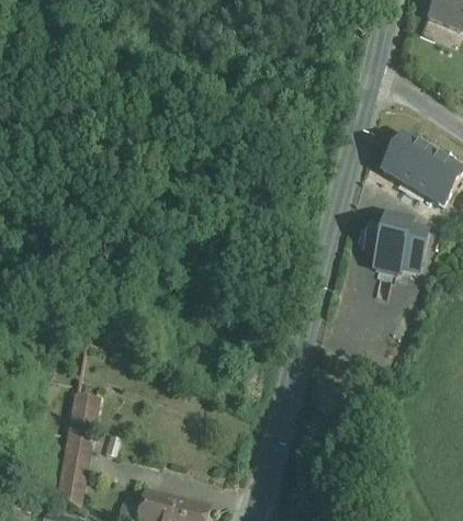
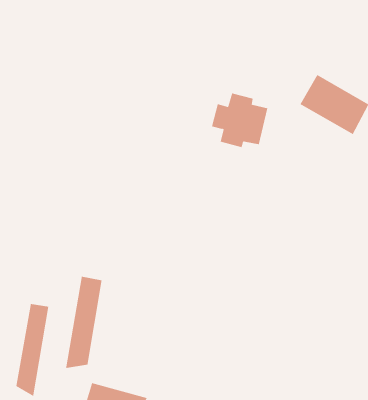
building: [363,212,428,274] -> [211,93,268,148]
building: none -> [66,276,102,369]

